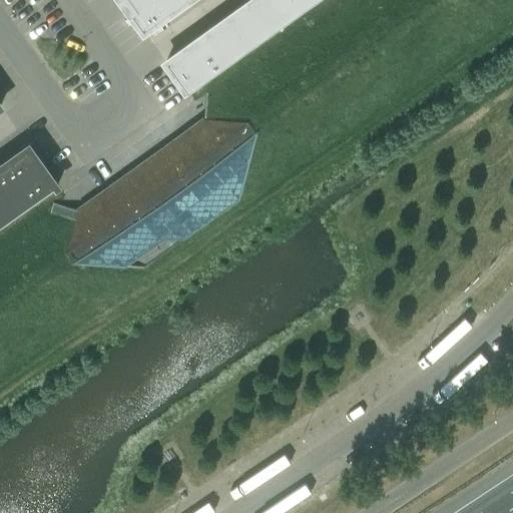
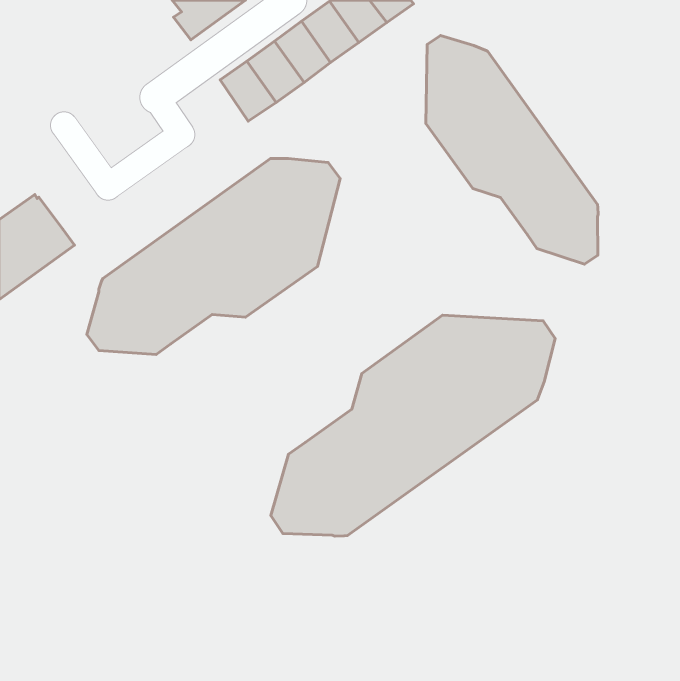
building: none -> [426,36,598,264]
building: none -> [271,315,555,536]

